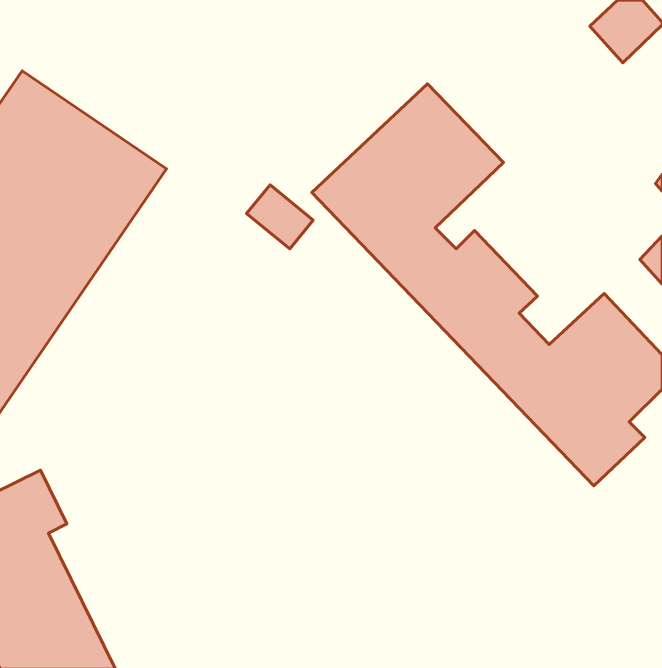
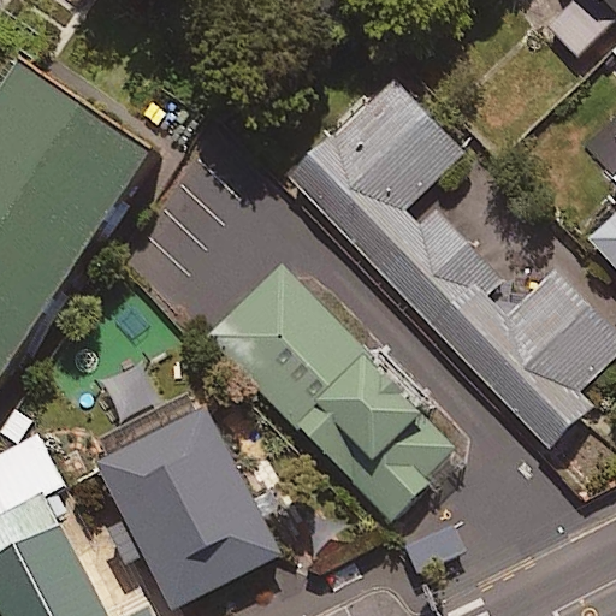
building: none -> [206,263,457,519]
building: none -> [96,403,278,606]

